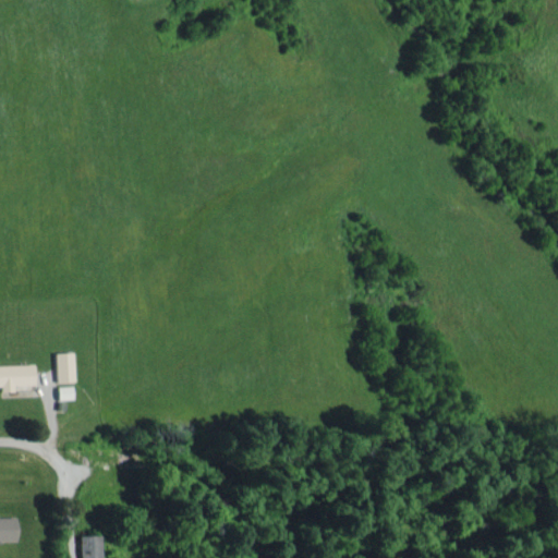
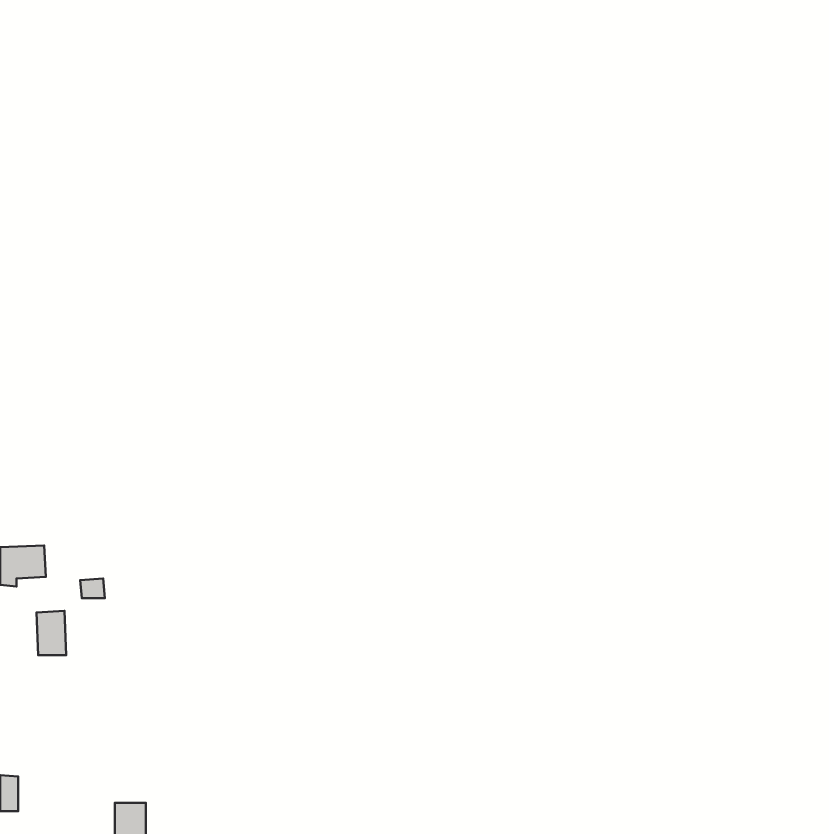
building: [57,353,76,383] -> [37,611,66,655]

